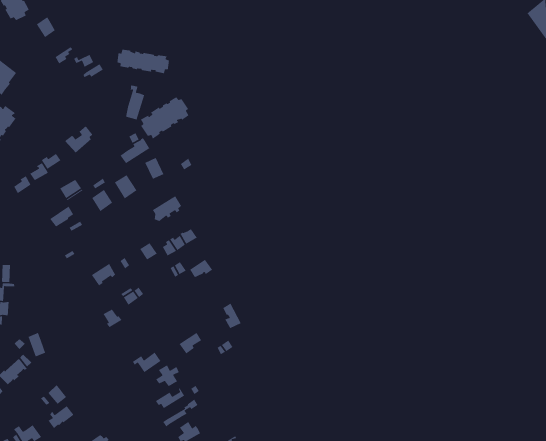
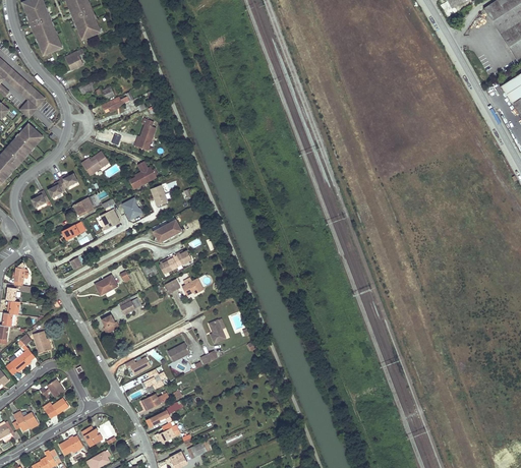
building: [116,49,170,74] -> none
building: [140,96,190,140] -> none

